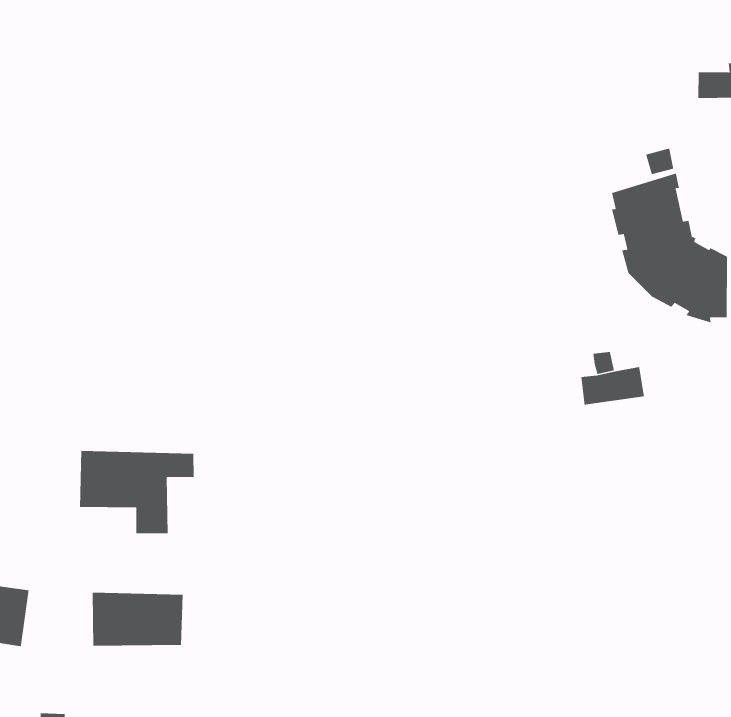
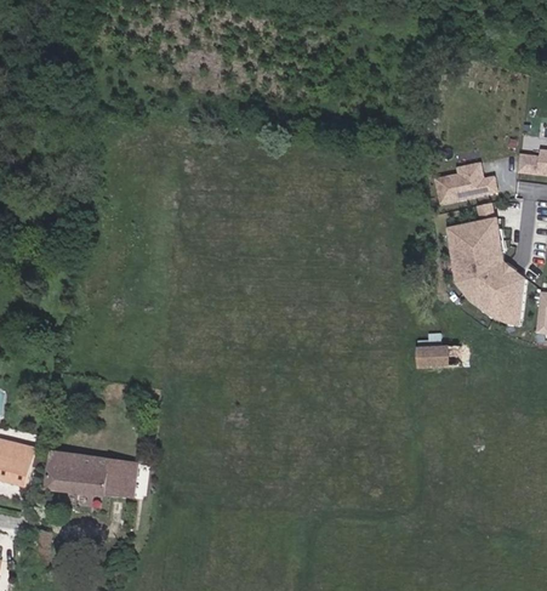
building: none -> [434,161,496,203]
building: [79,450,195,534] -> none
building: none -> [45,450,76,490]

